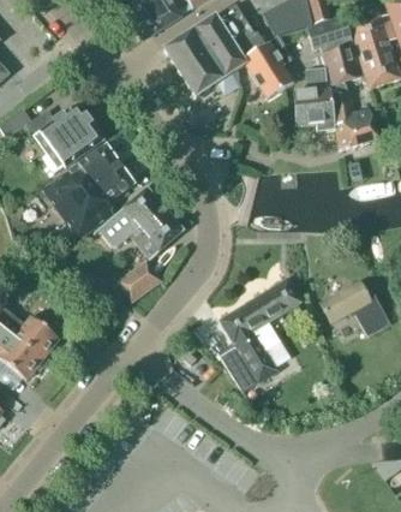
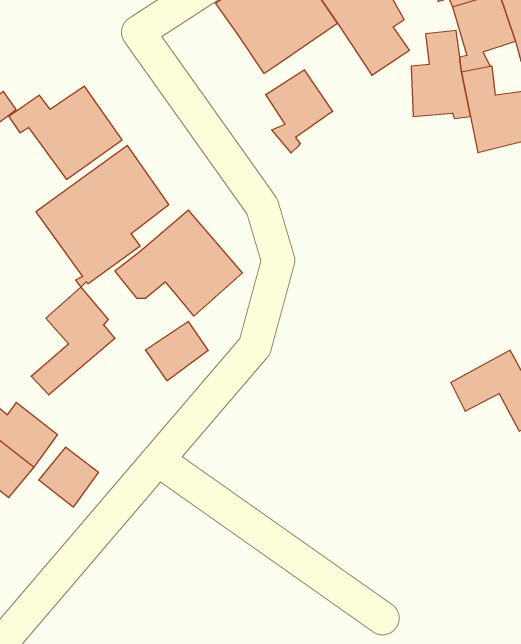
building: none -> [266,70,333,153]
building: none -> [31,287,115,395]
building: [216,279,300,392] -> none
building: none -> [39,447,98,507]

